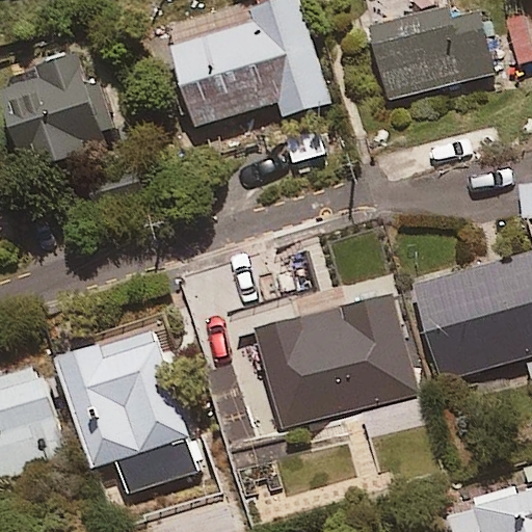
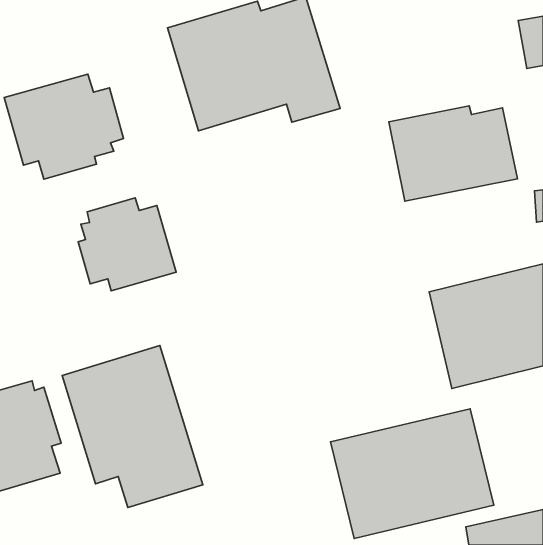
building: [368,4,493,97] -> [389,106,518,201]
building: none -> [78,198,176,291]
building: [257,298,415,424] -> [331,409,494,539]

